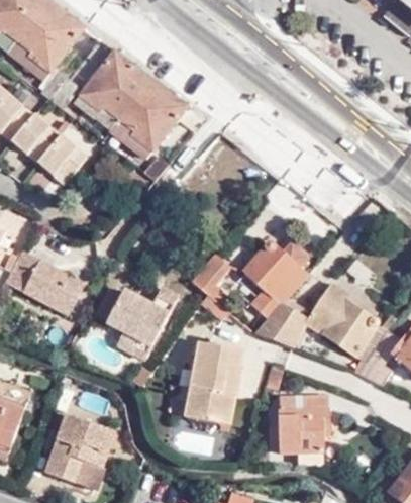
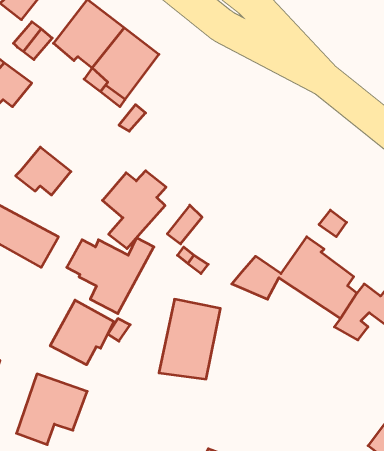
building: [34,132,89,180] -> [16,147,71,195]
building: [241,241,304,318] -> [102,171,166,249]
building: none -> [50,300,114,365]
building: [280,398,329,463] -> none

